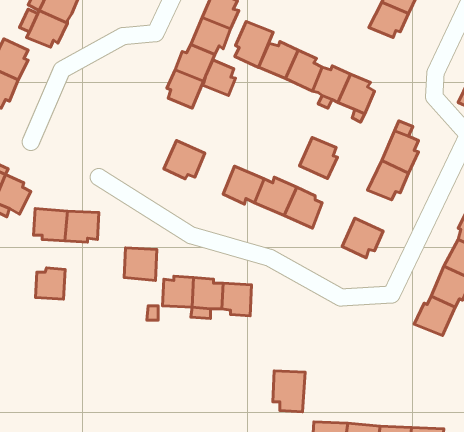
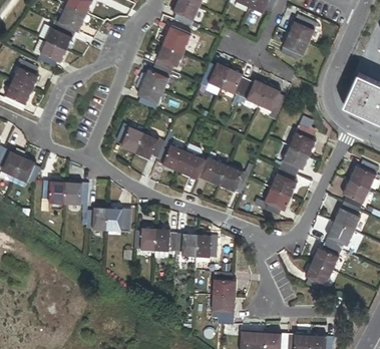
building: [235,21,273,67] -> none
building: [202,60,235,96] -> none
building: none -> [115,123,143,152]
building: [299,138,338,178] -> [270,167,297,197]
building: none -> [156,141,184,170]
building: [35,268,65,299] -> [86,208,107,230]
building: none -> [196,235,218,258]
building: none -> [305,263,332,292]
building: none -> [213,273,236,297]

